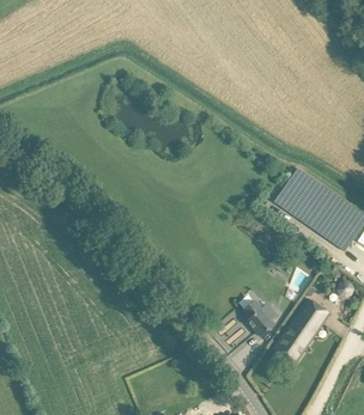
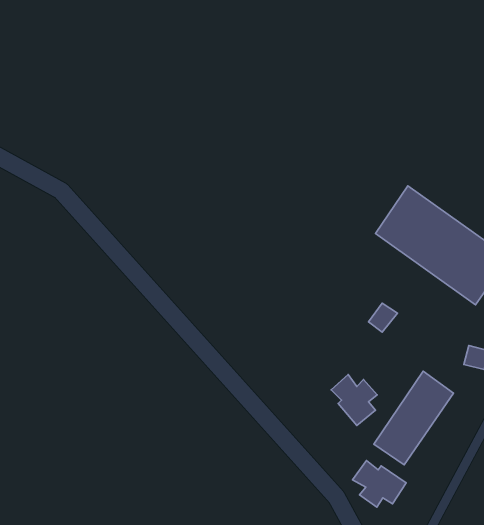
building: none -> [352,460,406,507]

